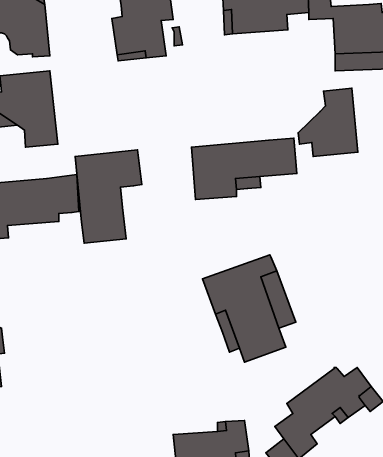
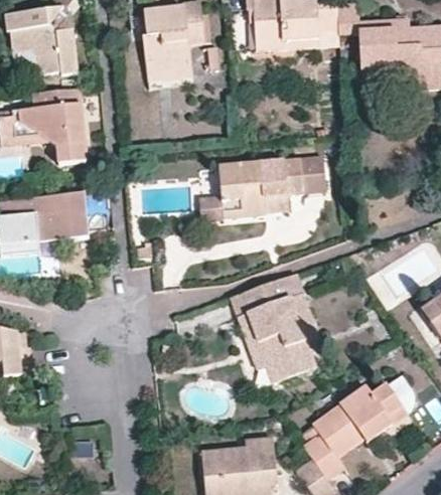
building: [298,88,358,157] -> none
building: [75,150,142,243] -> none

